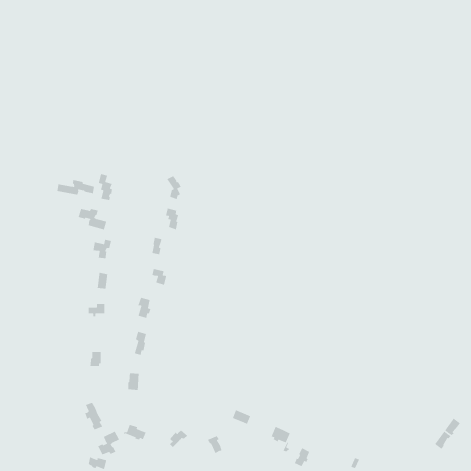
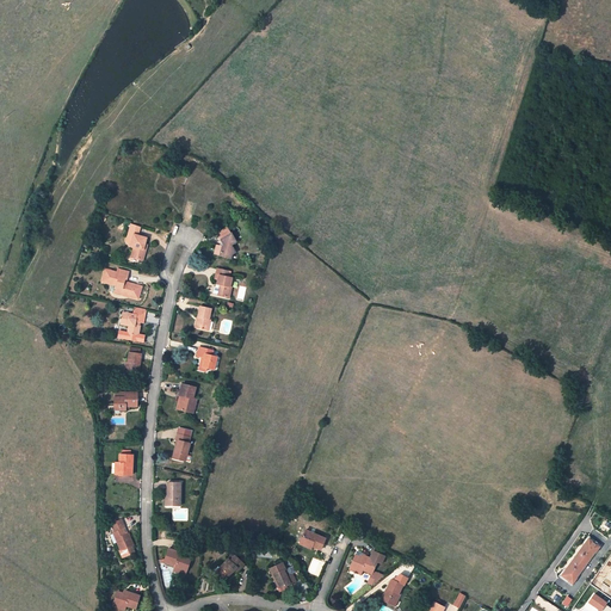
building: [56,179,95,196] -> none
building: [97,430,120,455] -> none

